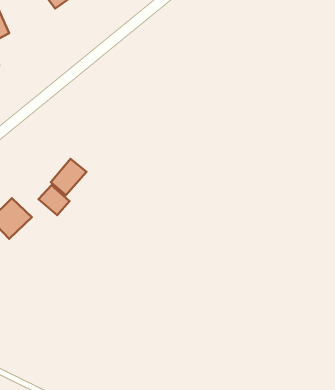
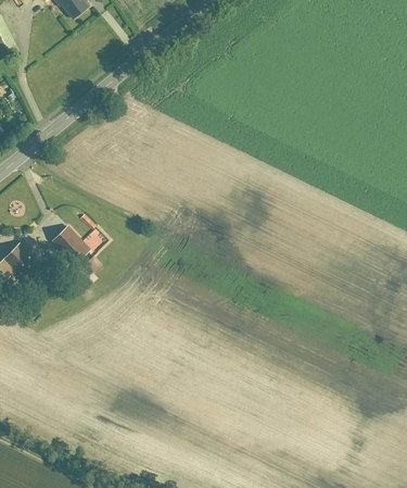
building: [51,159,86,195] -> none

